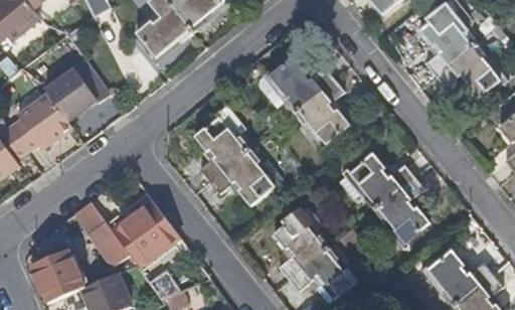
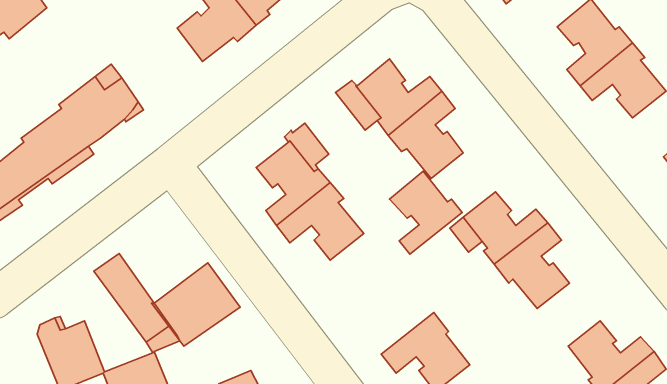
building: [273,213,327,276] -> [390,171,462,254]

